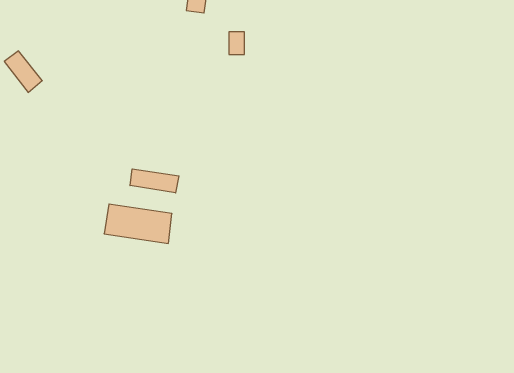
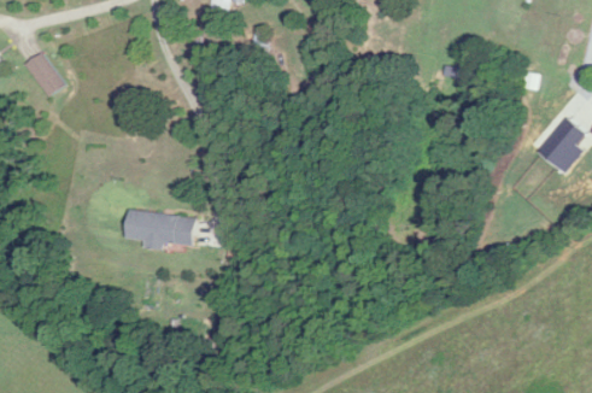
building: [130,169,179,193] -> none

